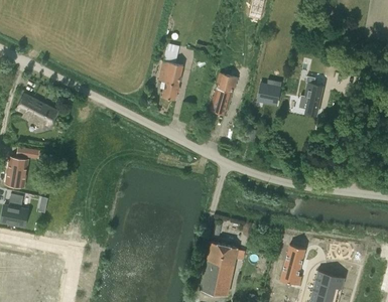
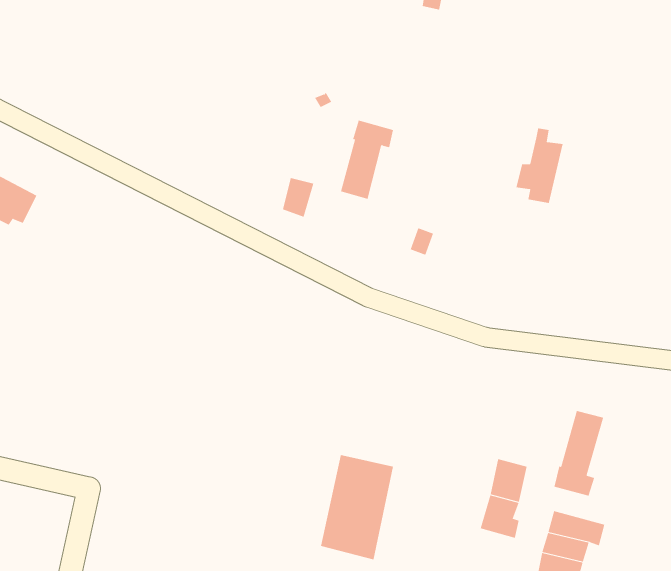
building: [158,61,182,101] -> none
building: [256,84,280,106] -> none
building: none -> [554,410,604,497]

